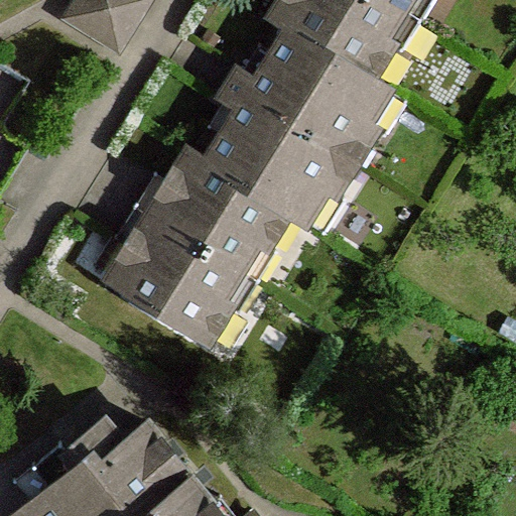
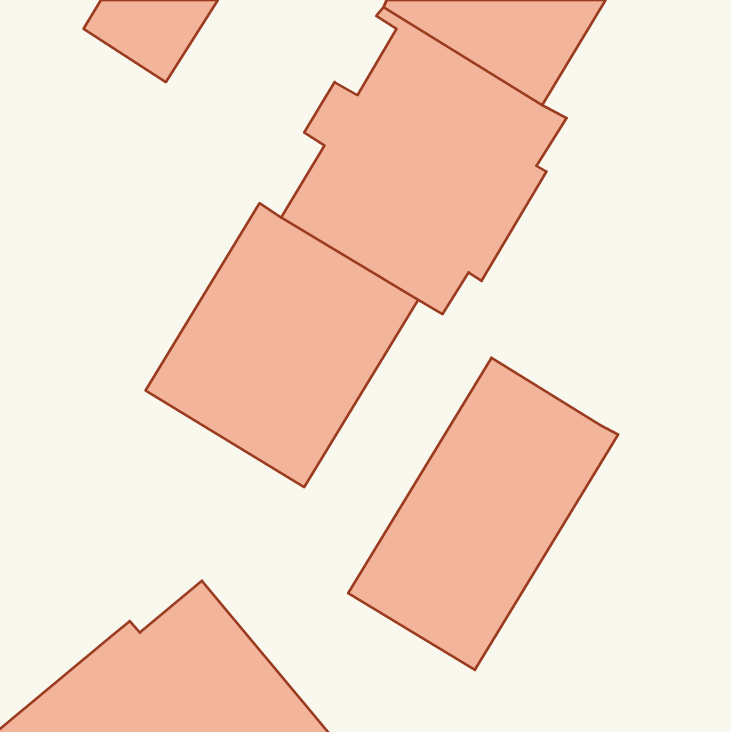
building: none -> [348,358,618,670]

